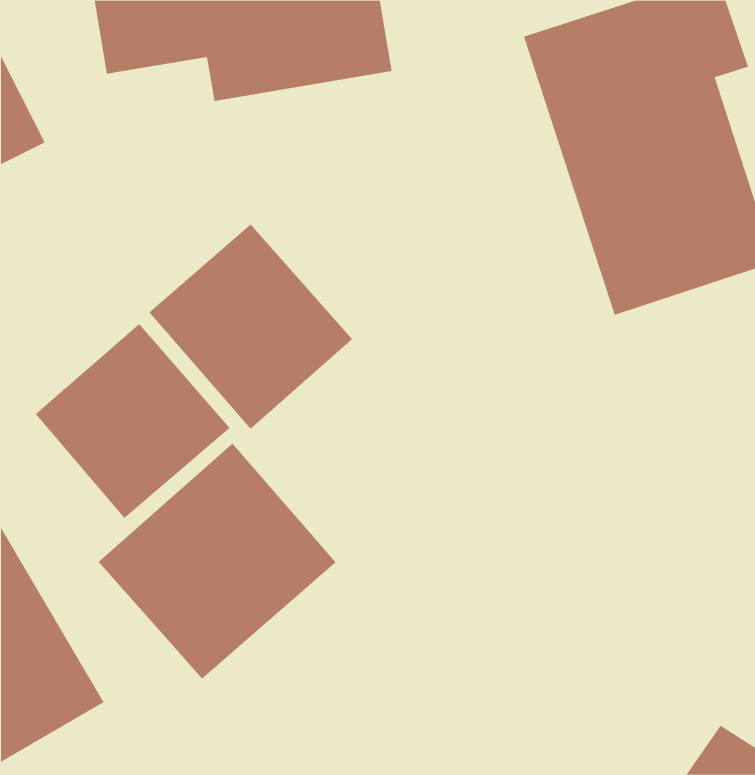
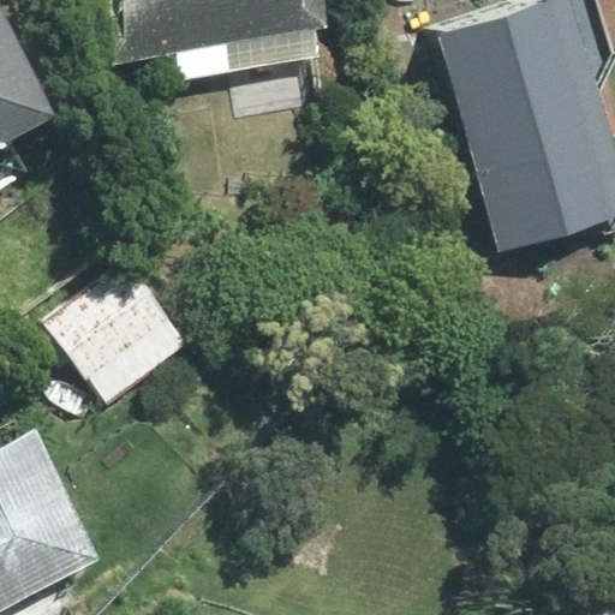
building: [149,223,353,430] -> none
building: [98,443,337,679] -> none

